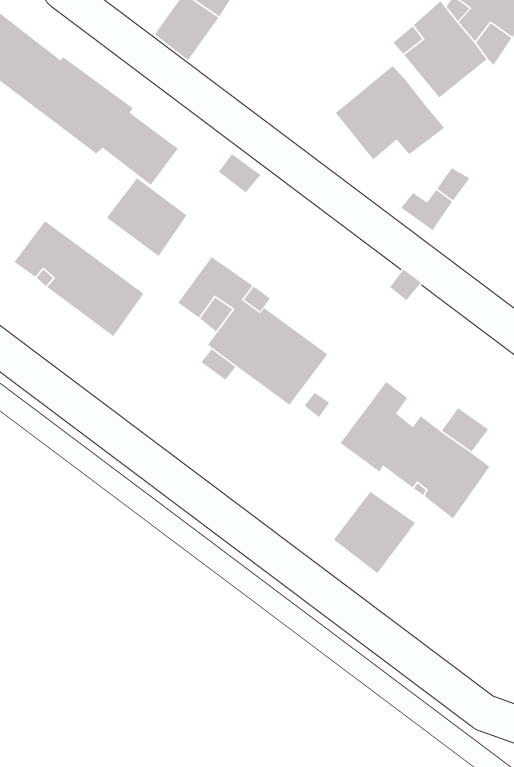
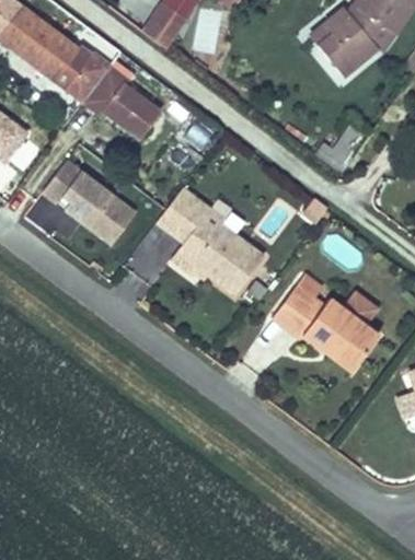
building: [335,65,445,160] -> none
building: [106,177,188,257] -> none
building: [333,491,416,574] -> none

